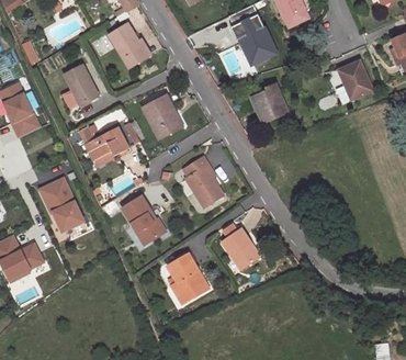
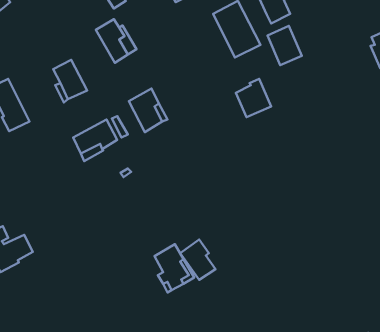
building: [338,59,373,100] -> [267,26,302,65]
building: [183,155,225,205] -> none
building: [40,178,83,230] -> none
building: [122,195,163,243] -> none
building: [222,226,258,268] -> [180,239,215,280]

